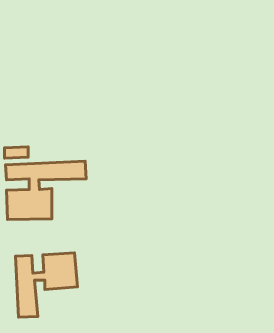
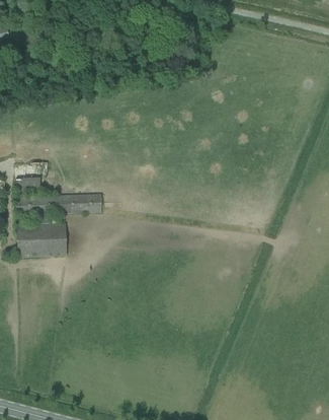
building: [15,253,77,317] -> none

